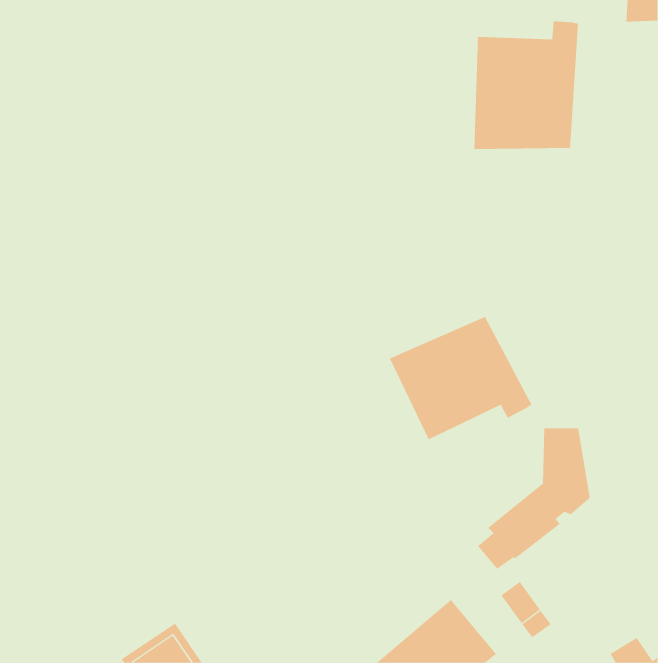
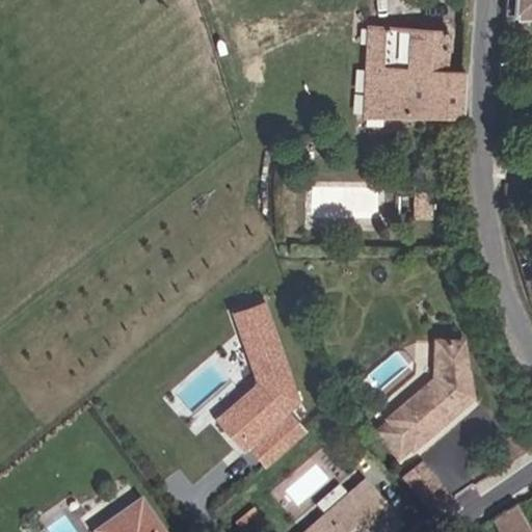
building: [389,316,532,440] -> none
building: none -> [221,305,304,466]

